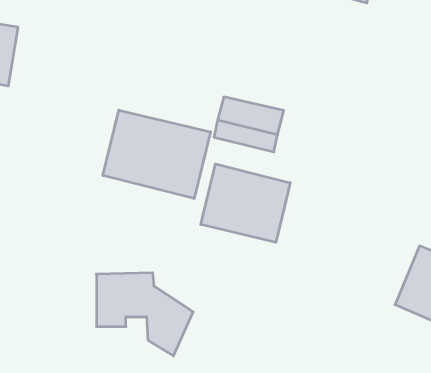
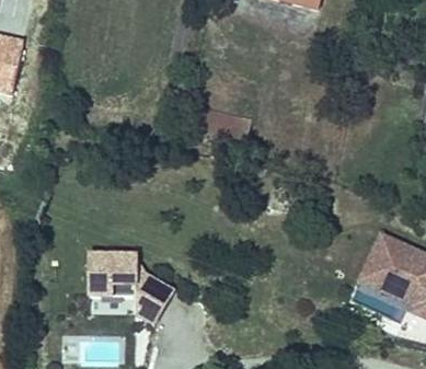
building: [103,110,211,199] -> none
building: [201,164,290,242] -> none

